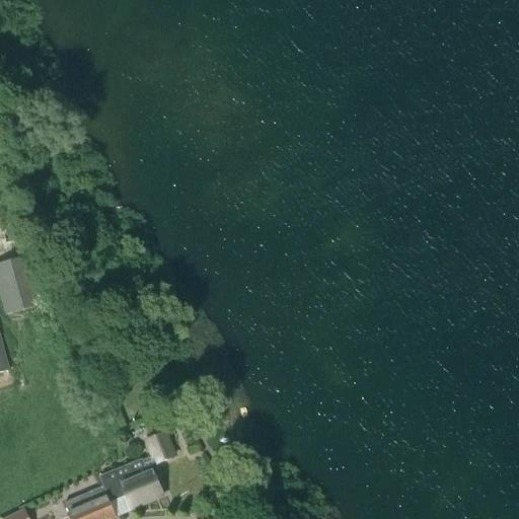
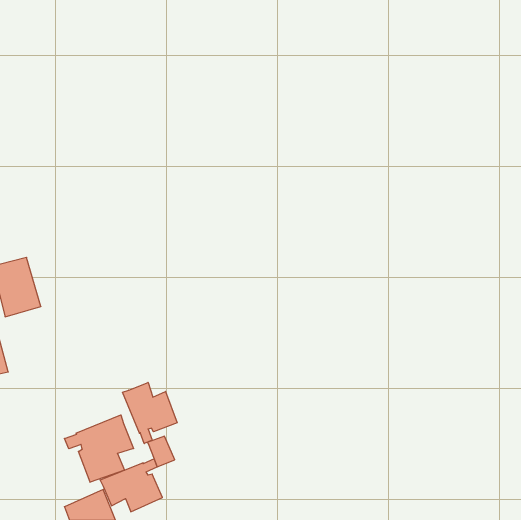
building: none -> [122,382,177,444]
building: none -> [64,415,134,482]

